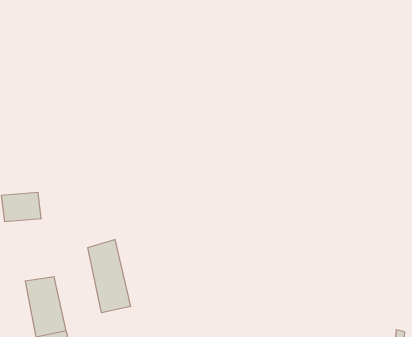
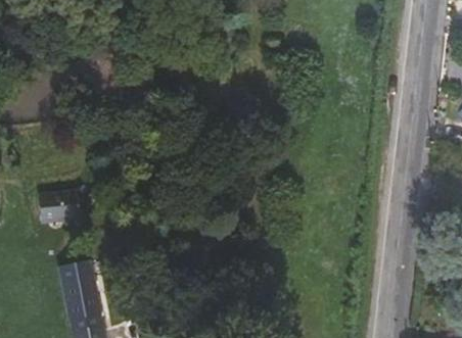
building: [88,239,130,313] -> none

